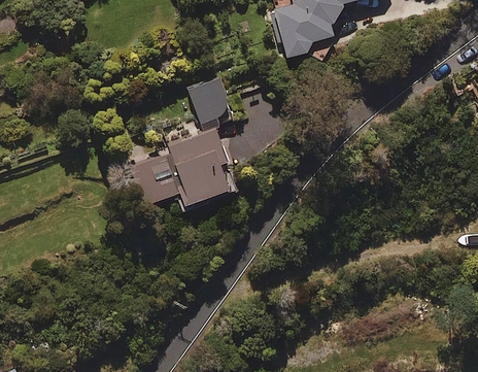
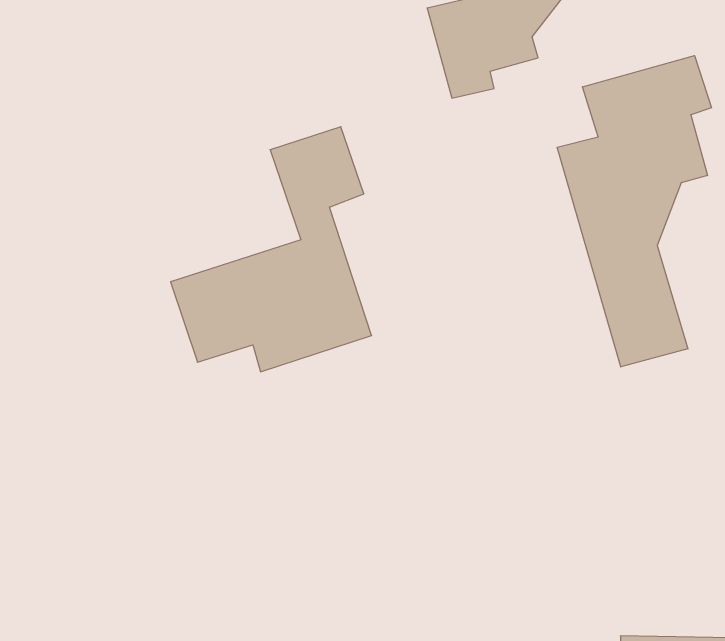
building: none -> [557,56,712,367]

